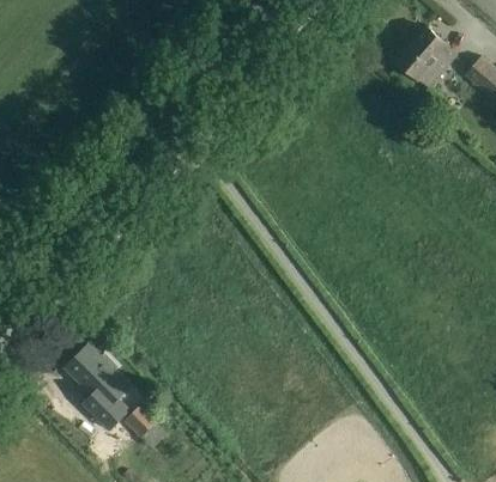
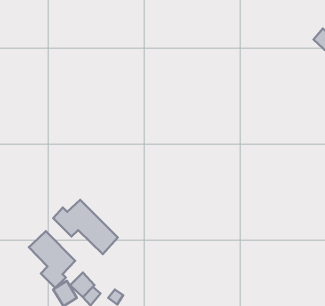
building: [394,24,455,87] -> none
building: none -> [53,200,118,254]

